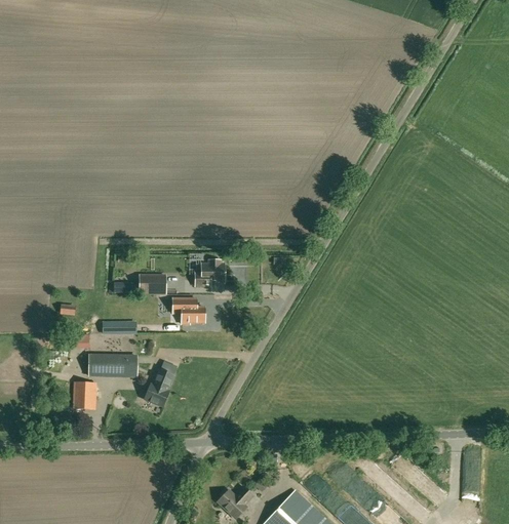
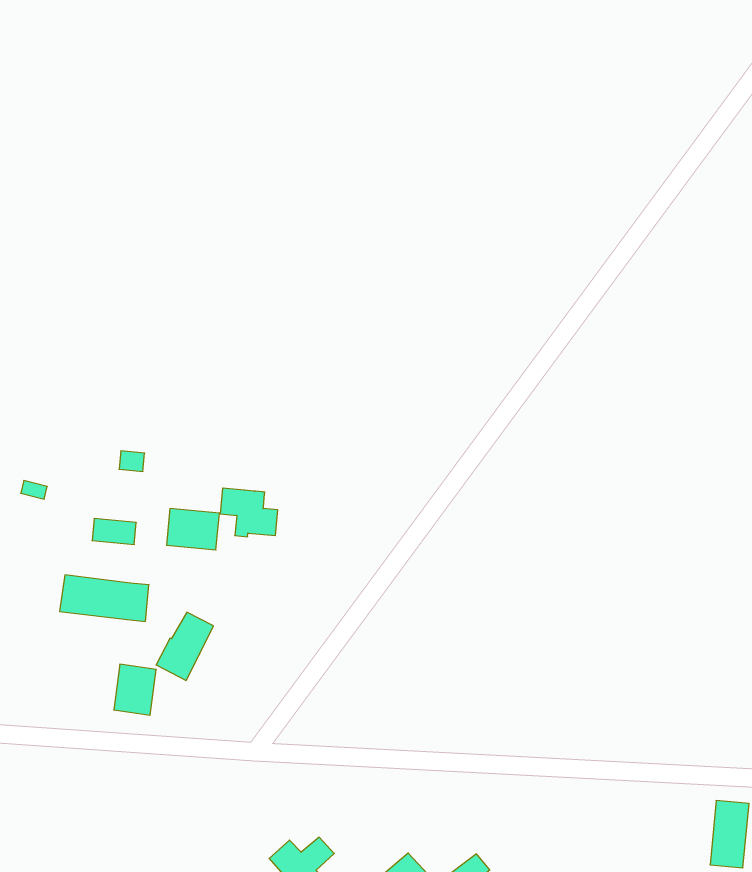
building: [195,260,224,286] -> none
building: [139,274,166,294] -> [167,509,219,550]
building: [74,382,95,409] -> [114,664,156,715]

